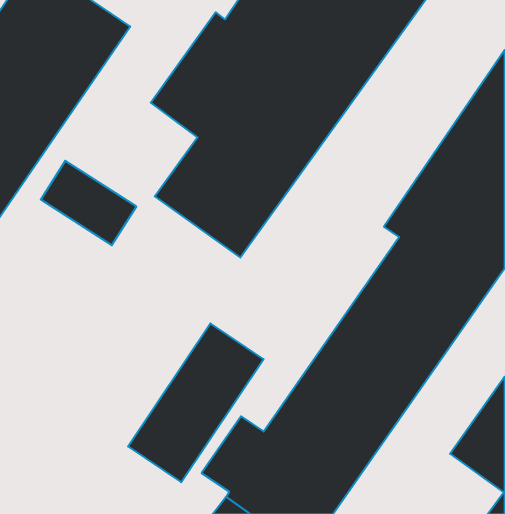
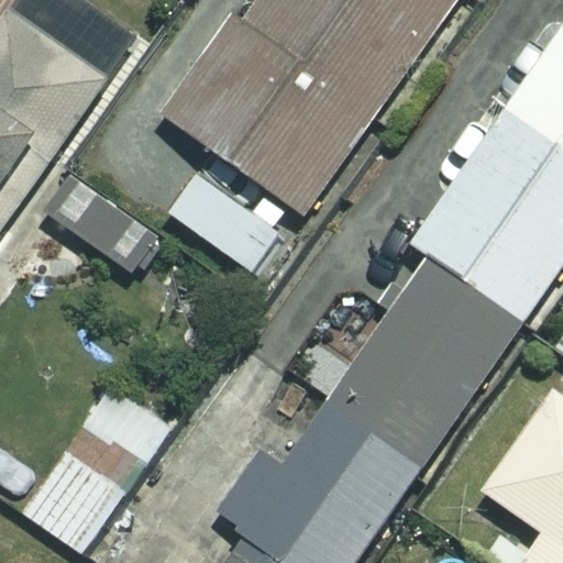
building: [128,323,264,482] -> [19,379,165,551]

